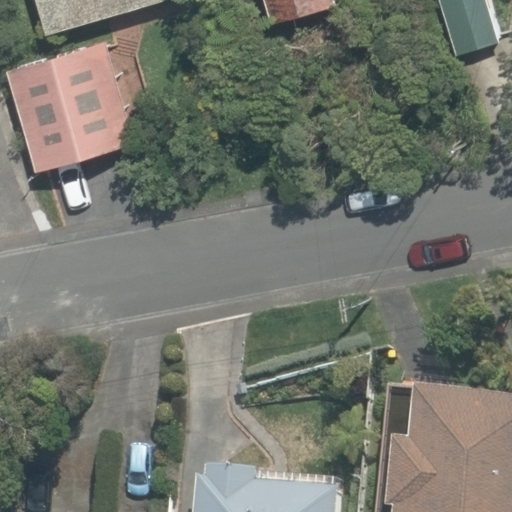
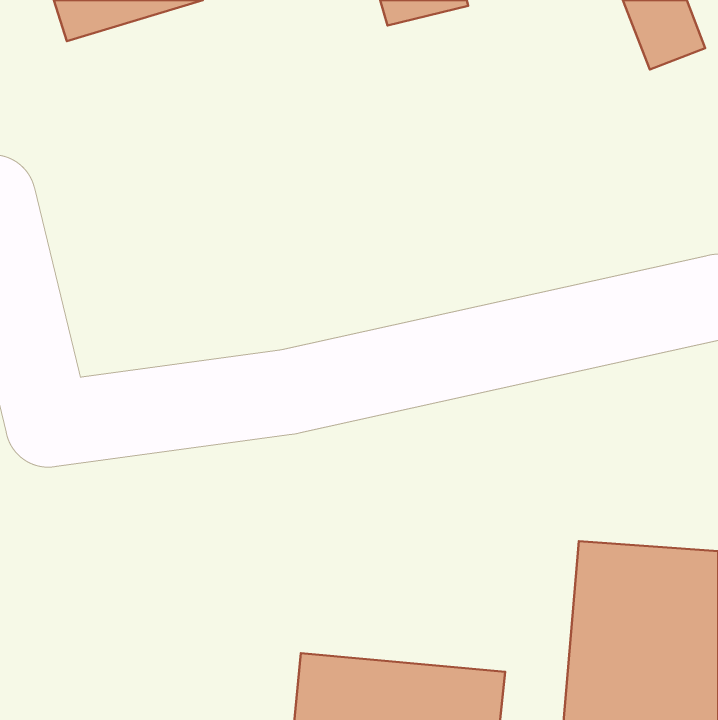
building: [8,43,132,171] -> none

